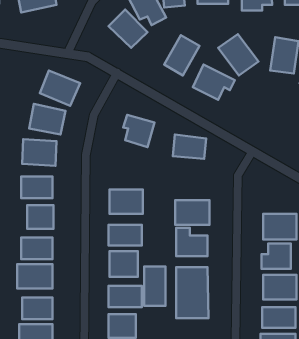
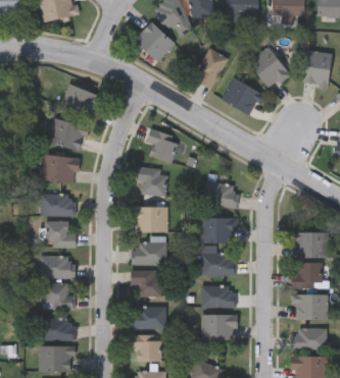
building: [173,134,206,159] -> [205,181,240,207]
building: none -> [136,168,167,195]
building: [144,267,165,306] -> none

